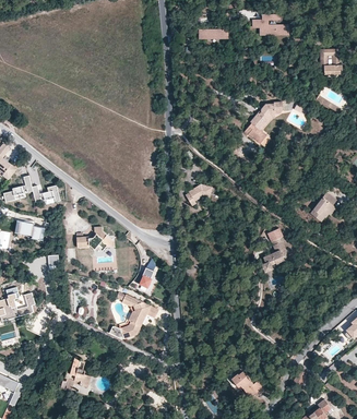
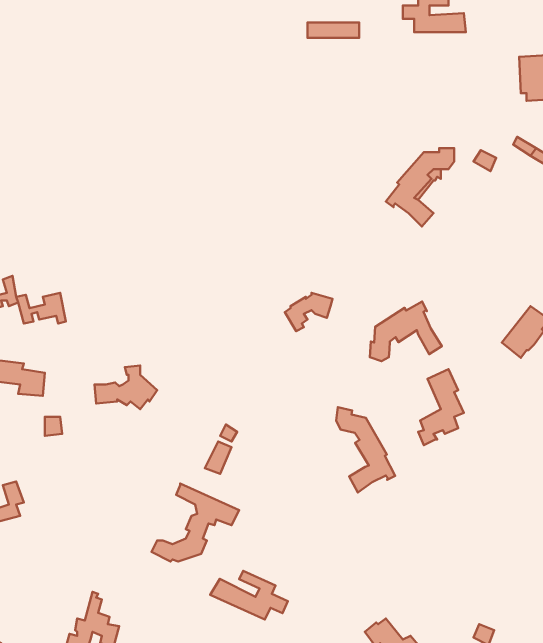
building: none -> [370,302,442,361]
building: none -> [336,407,395,492]
building: none -> [210,571,288,620]

